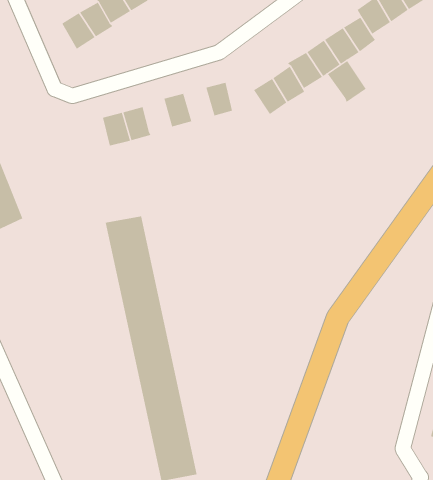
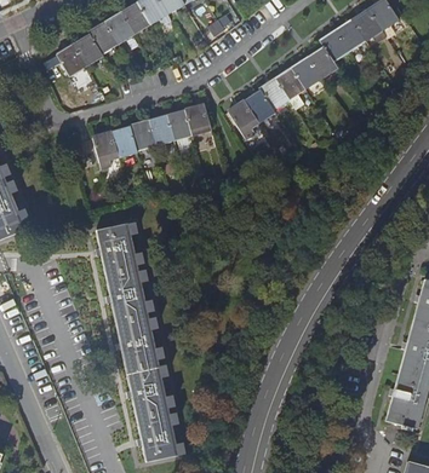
building: [327,60,367,103] -> none
building: none -> [167,110,194,140]
building: none -> [131,120,156,150]

